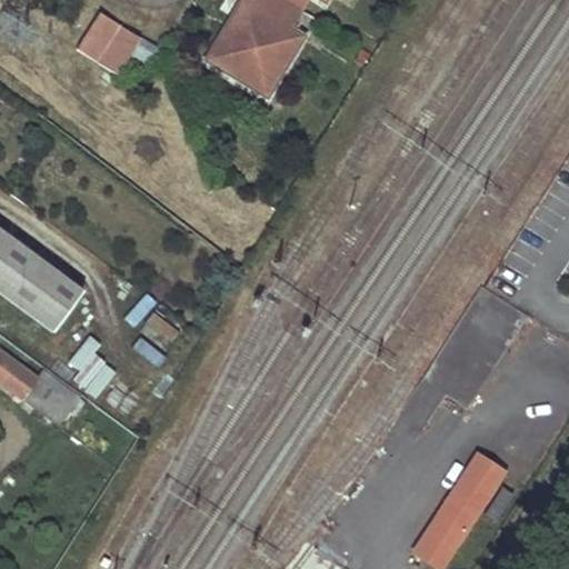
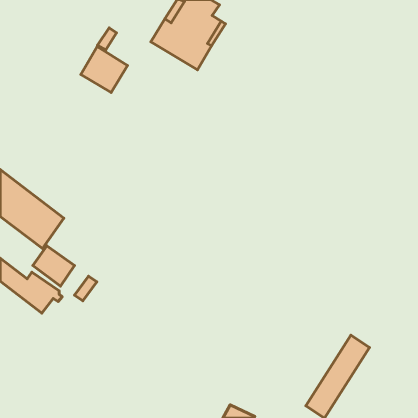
building: [77,10,140,72] -> [81,46,128,92]

